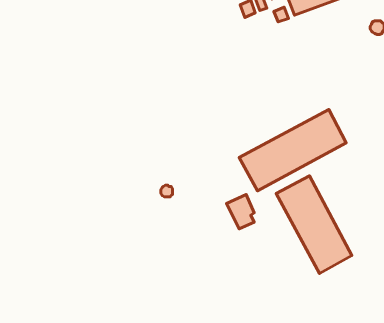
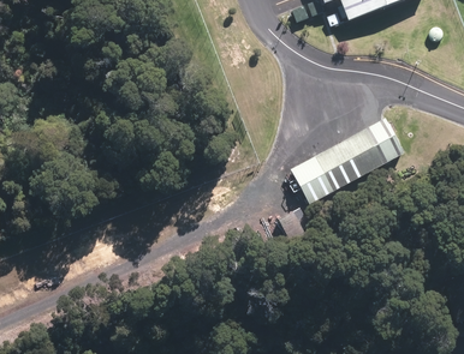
building: [276,176,352,274] -> none

